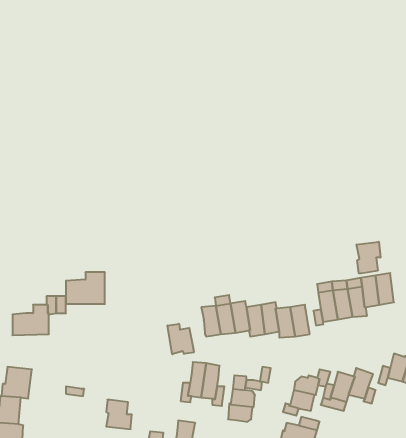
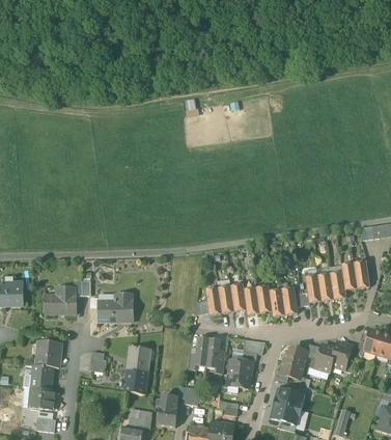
building: [357,242,380,273] -> none
building: [66,272,105,304] -> [99,294,132,321]
building: [168,324,194,354] -> none
building: none -> [128,346,149,372]

